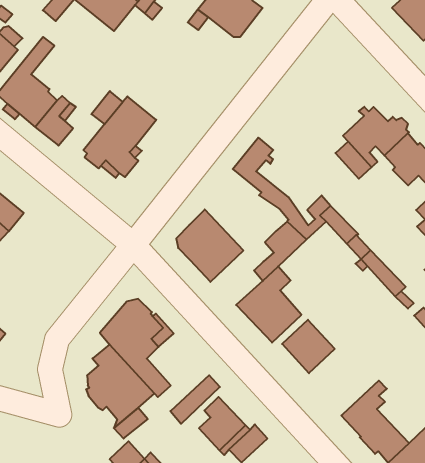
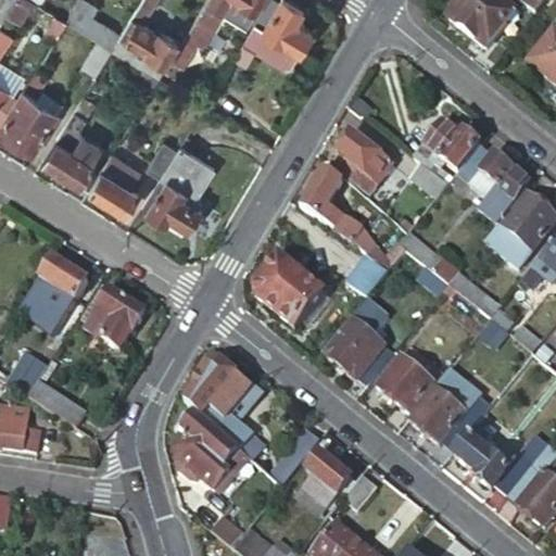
building: none -> [339,132,393,192]
building: none -> [79,288,146,353]
building: none -> [410,355,505,451]

